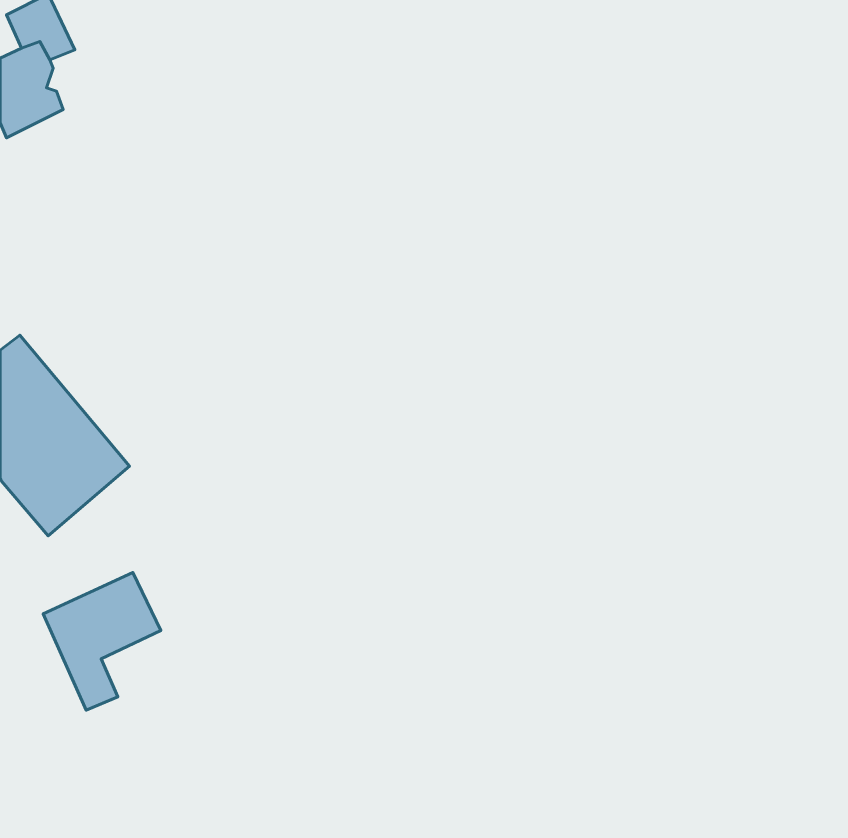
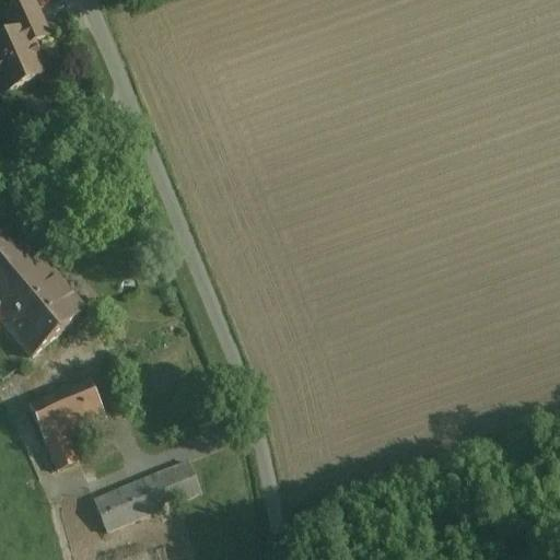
building: none -> [93,457,201,529]

